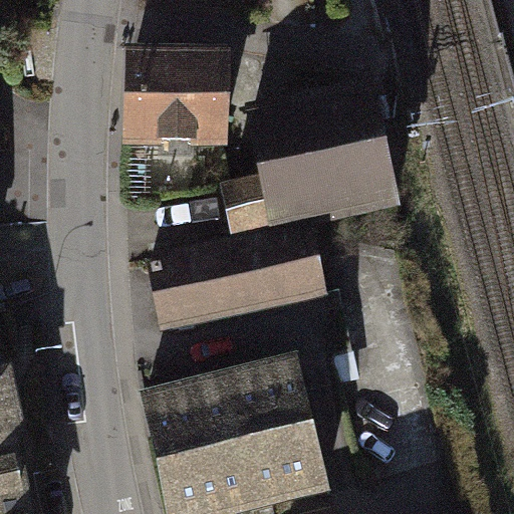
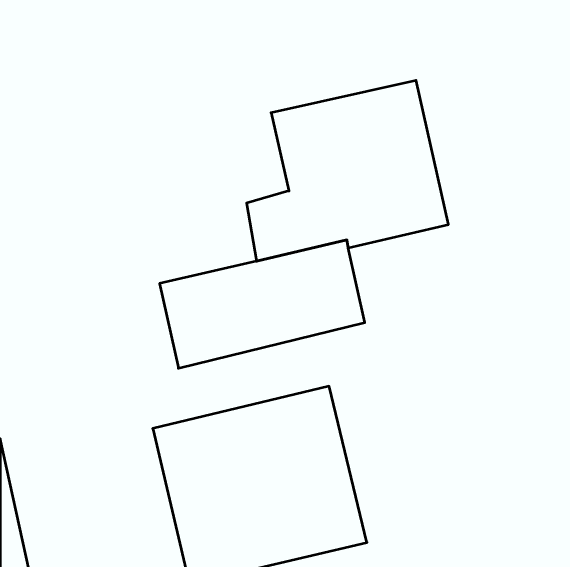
building: [122,43,231,146] -> none

